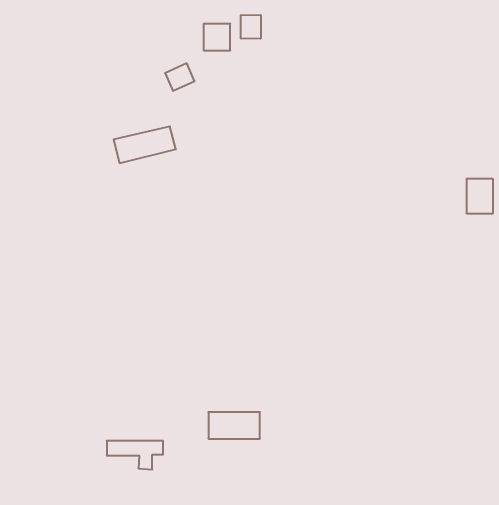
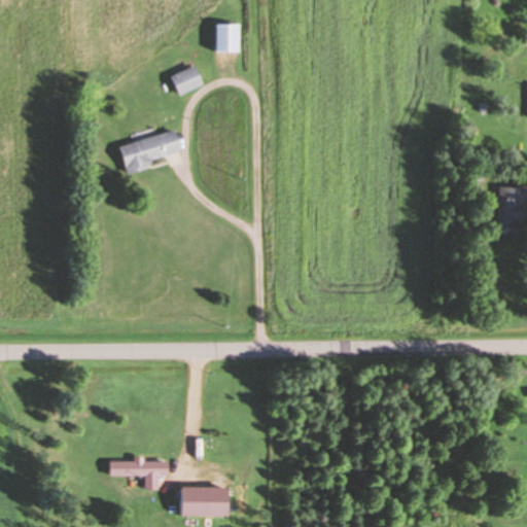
building: [241,15,261,39] -> none
building: [208,412,260,439] -> [178,486,232,514]

